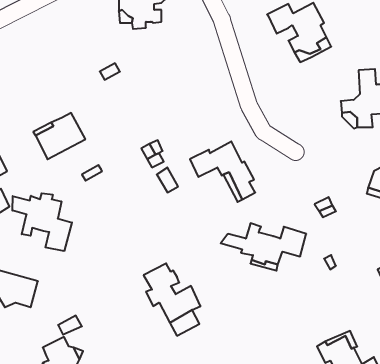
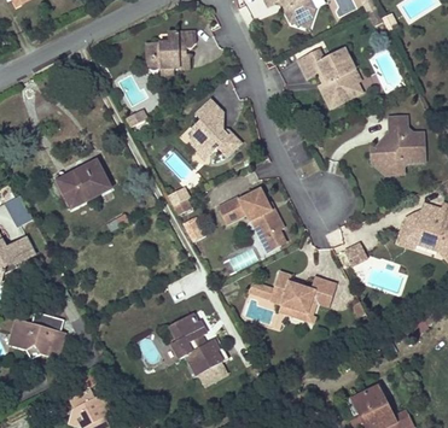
building: none -> [191,99,240,158]
building: [12,193,72,251] -> none

